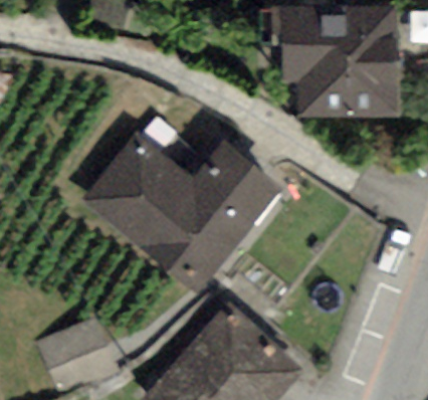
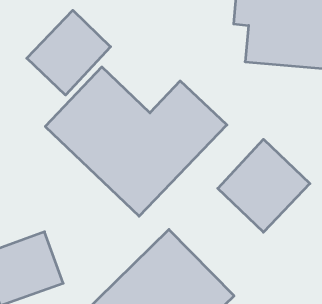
building: none -> [27,10,111,95]
building: none -> [218,139,310,232]

